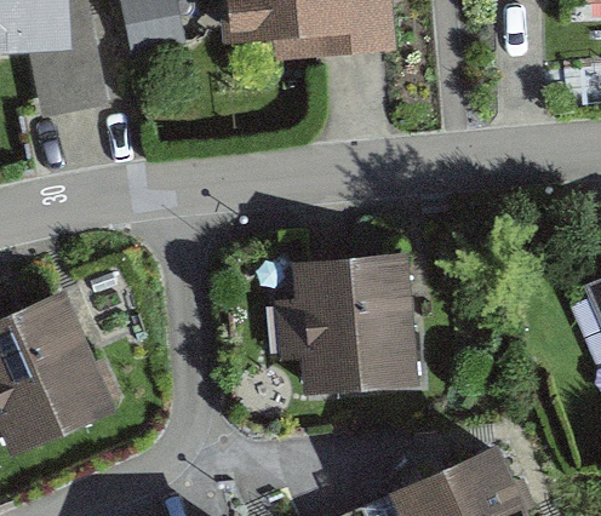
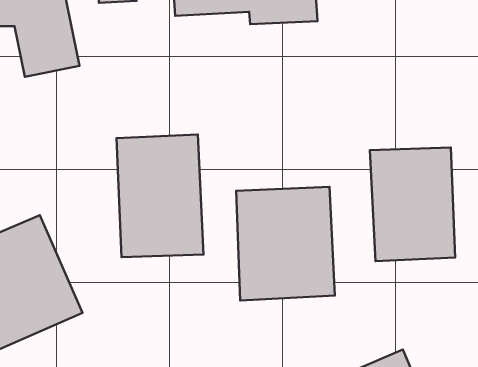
building: none -> [117,135,204,257]
building: none -> [370,148,455,261]

